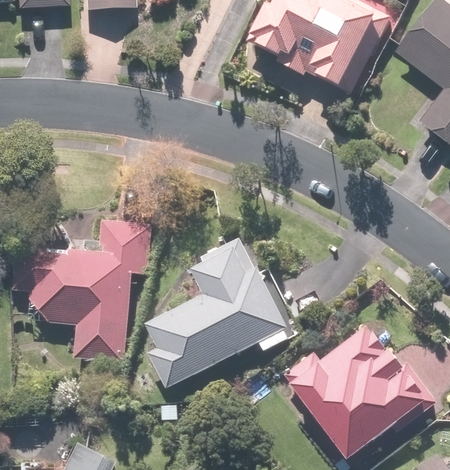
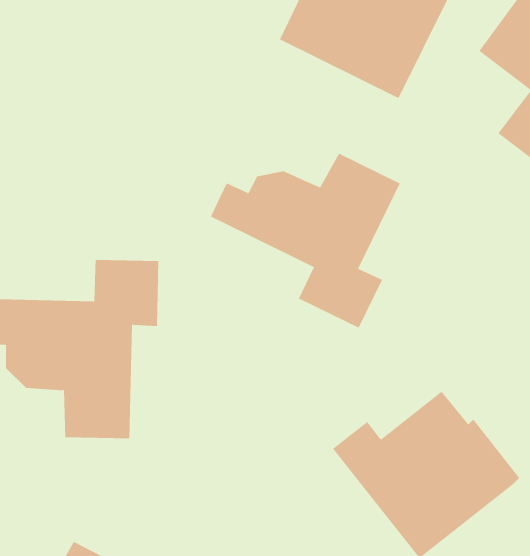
building: none -> [210,153,400,329]
building: [145,239,297,388] -> none

